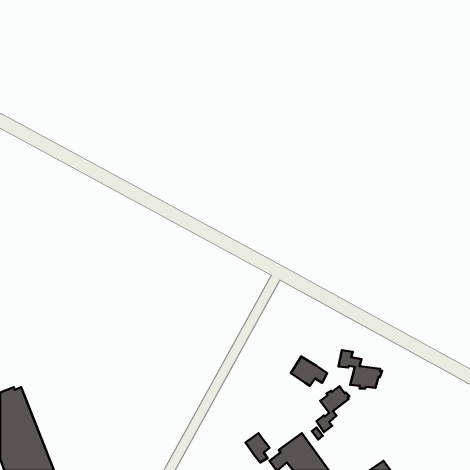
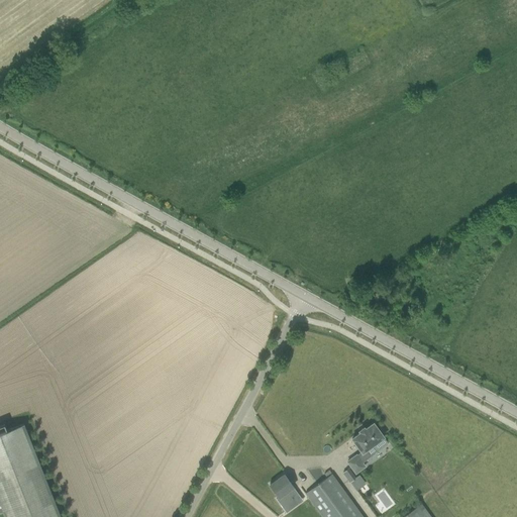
building: [338,350,382,388] -> none
building: [291,357,327,386] -> none

